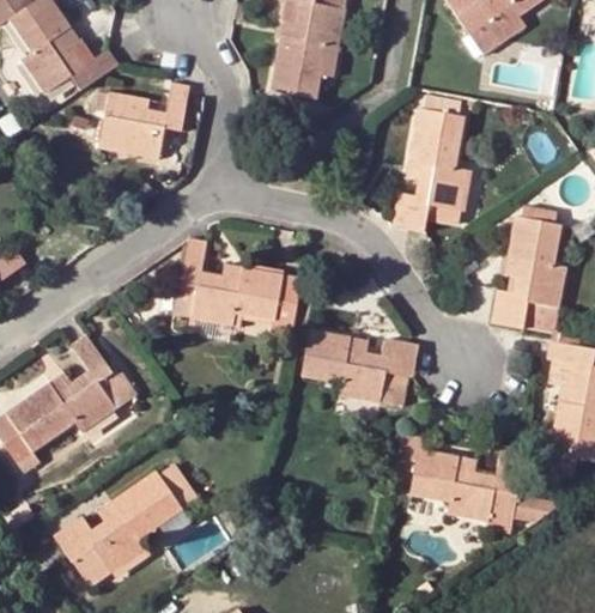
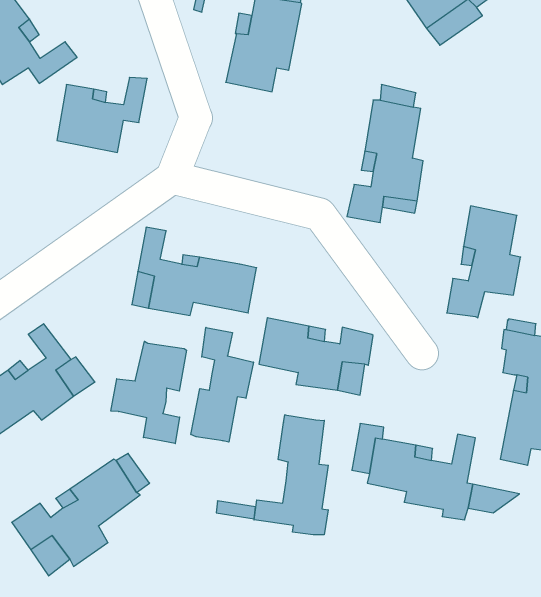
building: none -> [191,327,253,442]
building: none -> [111,341,186,444]
building: none -> [254,415,328,535]

